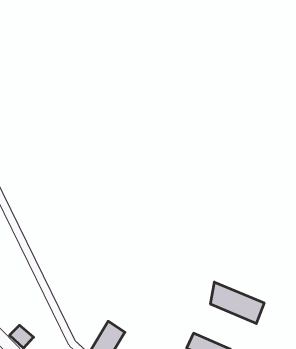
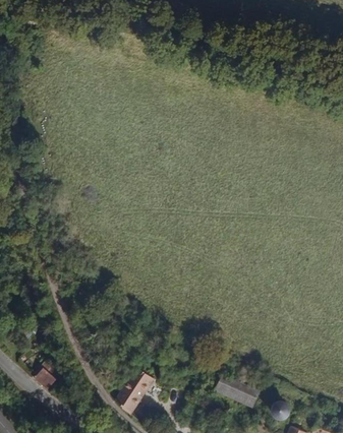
building: [211,282,264,324] -> none

